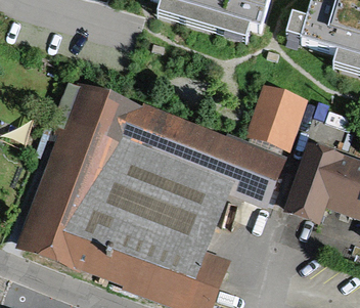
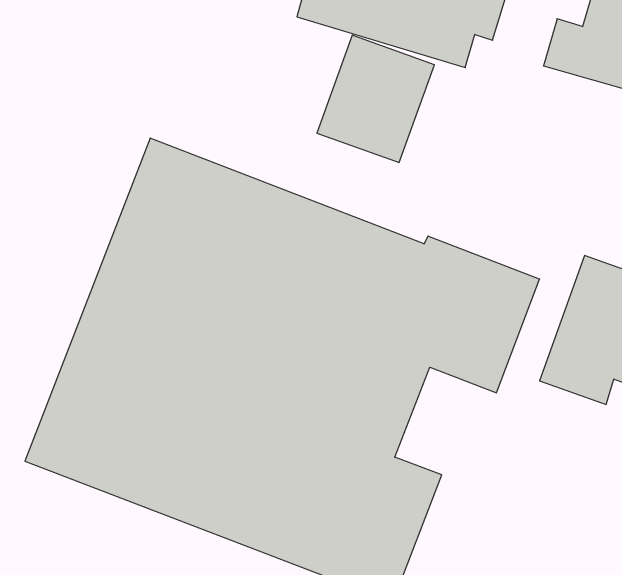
building: [245,81,307,147] -> [317,35,434,163]

